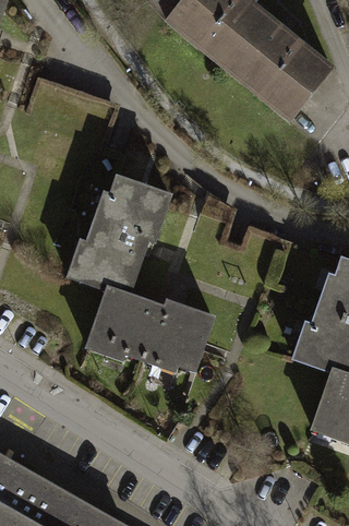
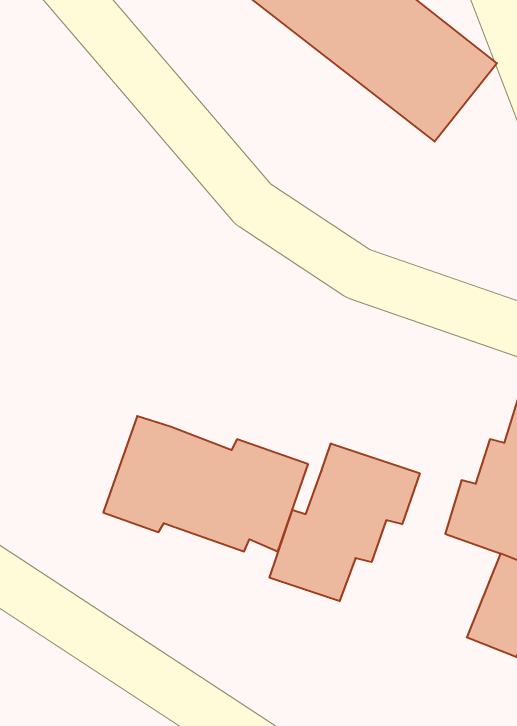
building: [73,176,172,294] -> none
building: none -> [270,443,420,601]

